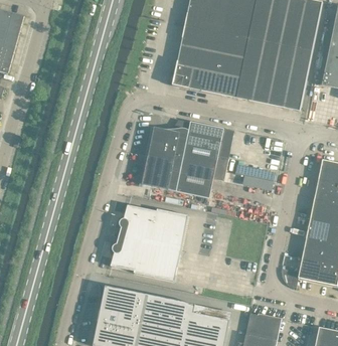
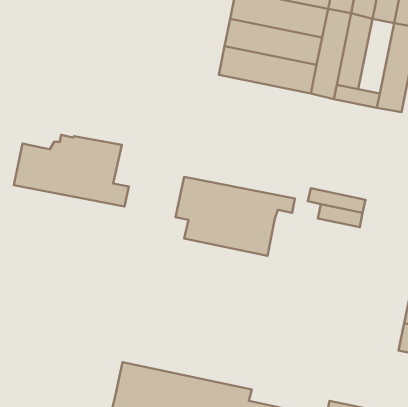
building: [270,44,295,97] -> none
building: [148,120,228,170] -> [14,135,129,207]
building: [111,204,187,280] -> none

